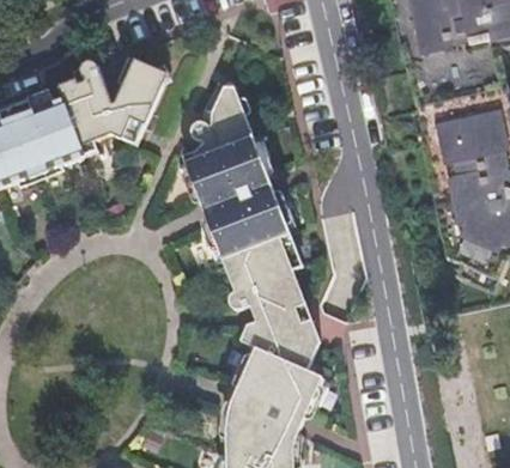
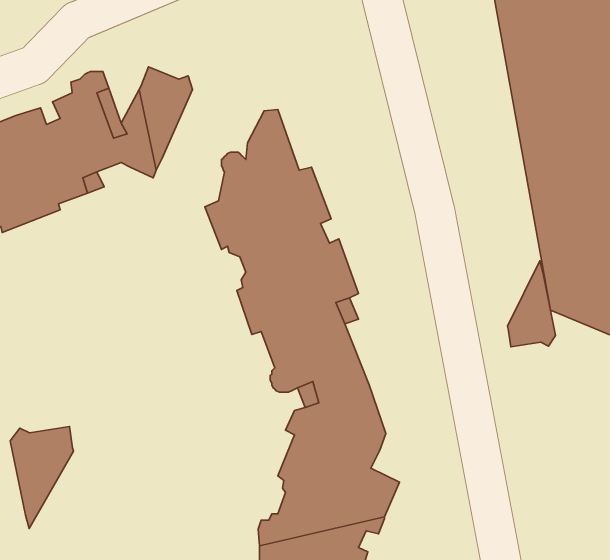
building: none -> [508,261,556,347]
building: none -> [10,426,73,529]

